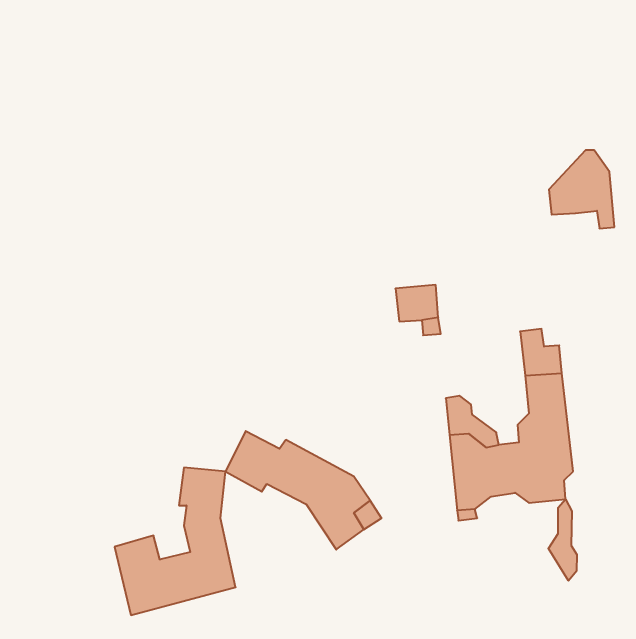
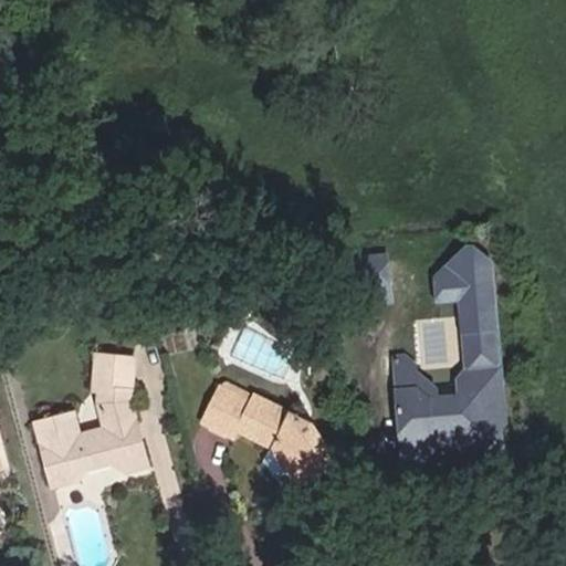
building: [549,150,614,228] -> [433,240,491,308]
building: [115,468,236,615] -> [34,353,140,482]
building: [548,499,577,581] -> none

